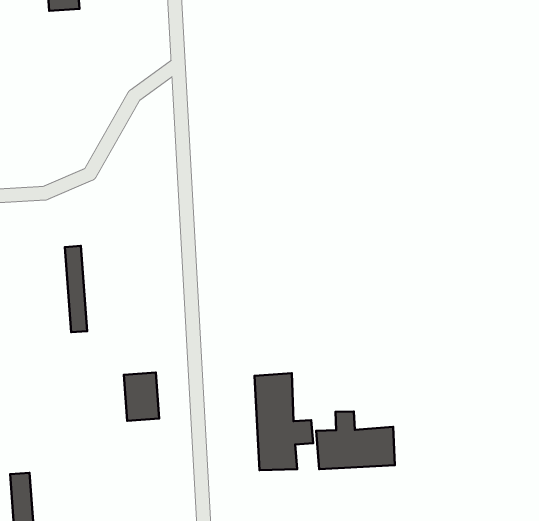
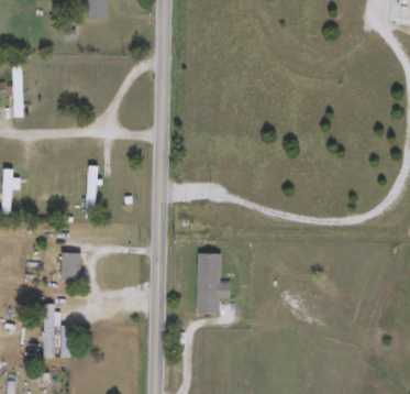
building: [124,372,159,421] -> [62,252,81,281]
building: [316,411,395,469] -> none

